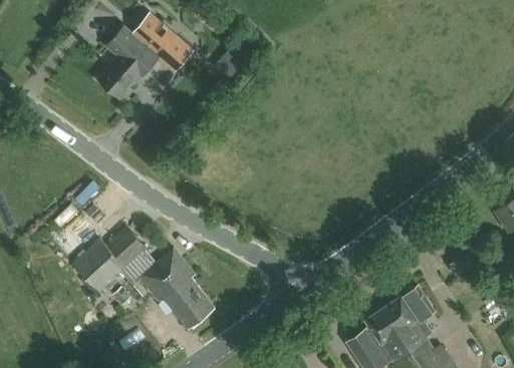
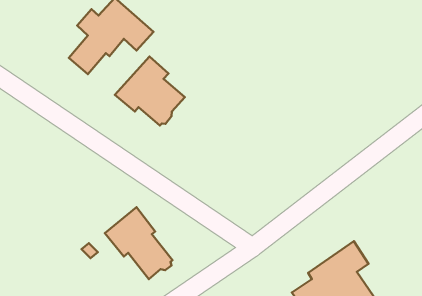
building: none -> [115,57,185,126]
building: [67,229,146,300] -> none

